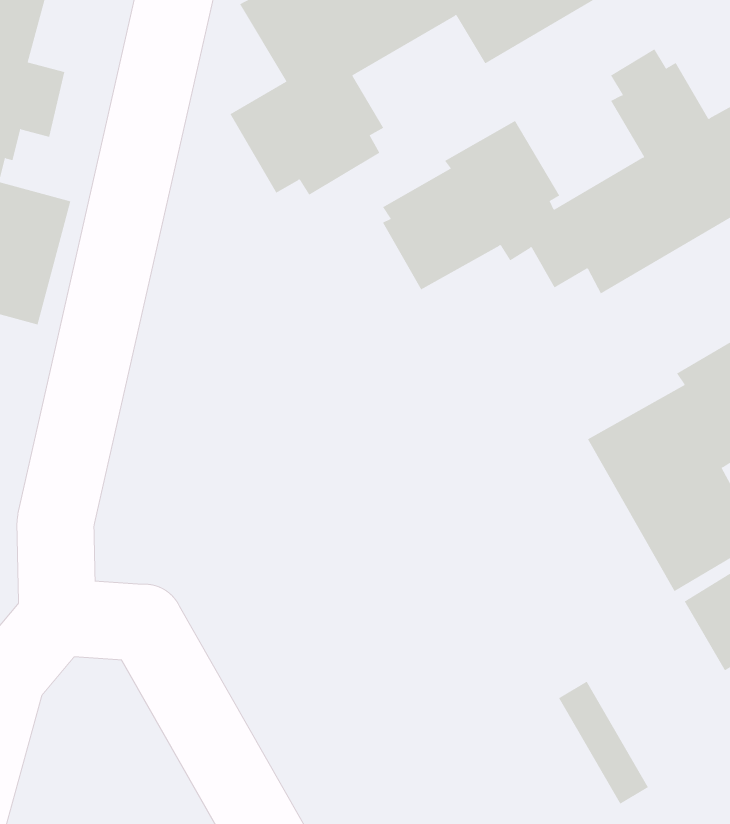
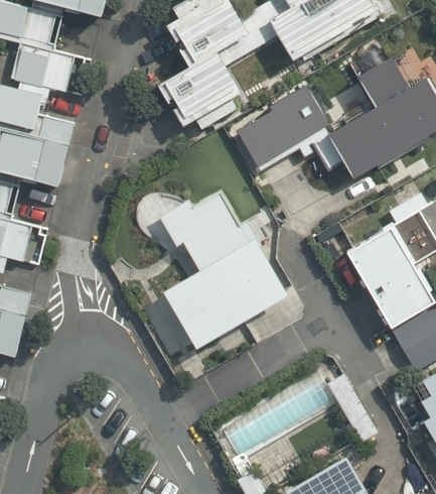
building: none -> [159,192,288,349]

